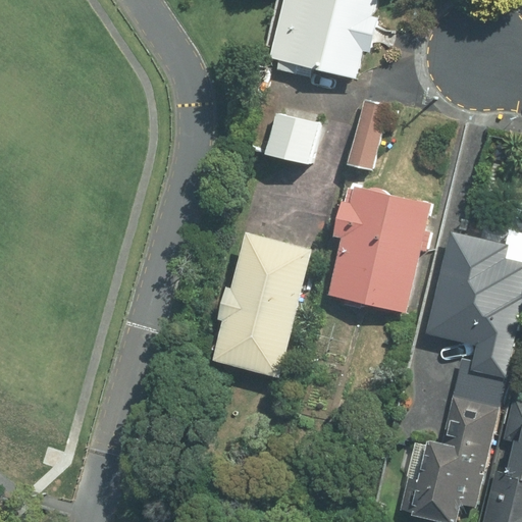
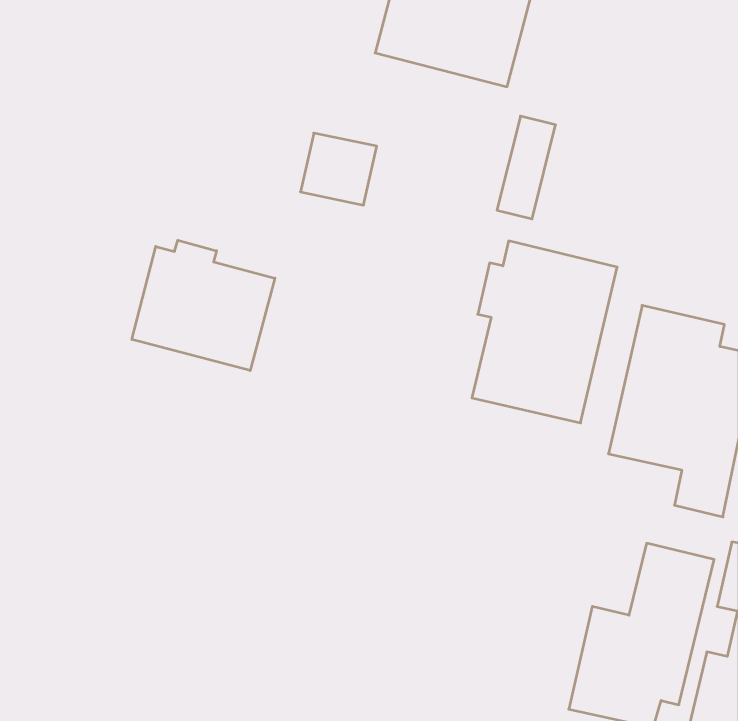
building: [266,113,319,163] -> [300,133,377,205]
building: none -> [132,240,275,371]
building: [214,231,315,377] -> none

